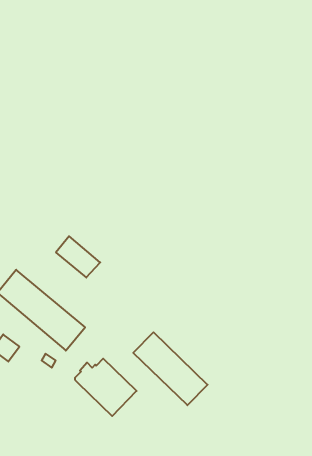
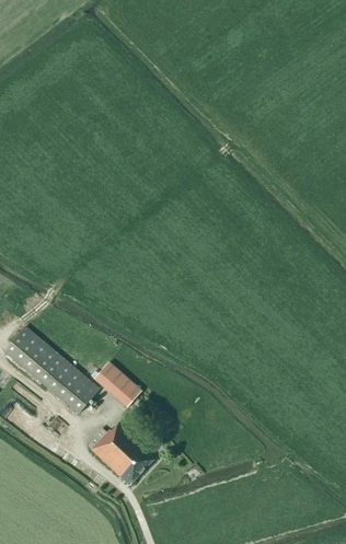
building: [56,236,100,278] -> [94,362,142,407]
building: [133,332,208,405] -> none

